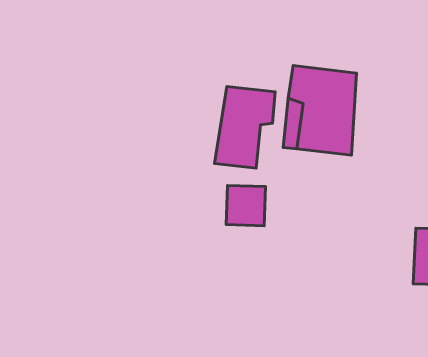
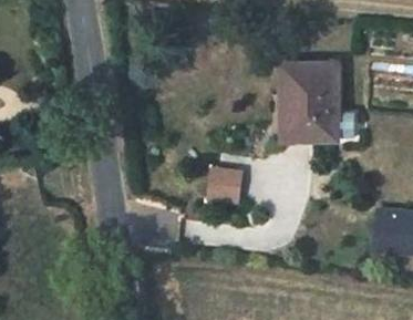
building: [215,86,275,168] -> none

